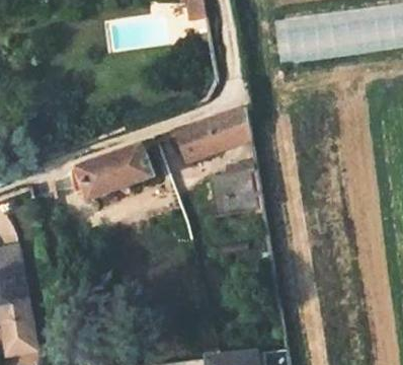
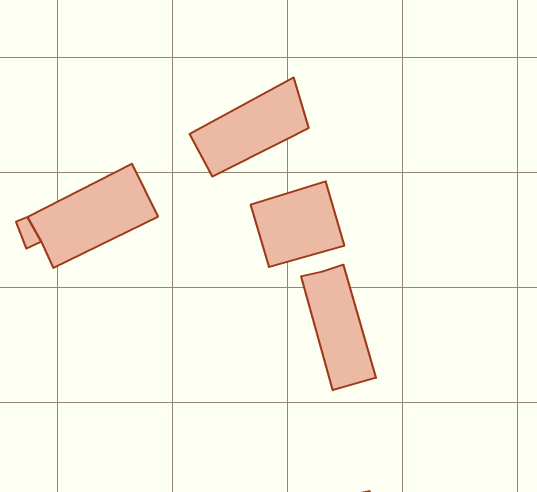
building: none -> [301,265,376,390]

